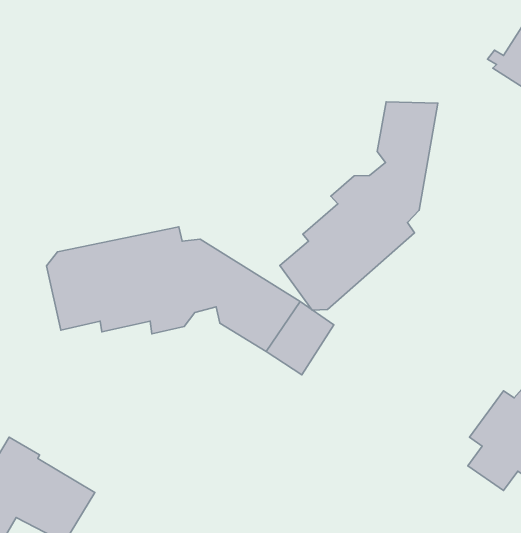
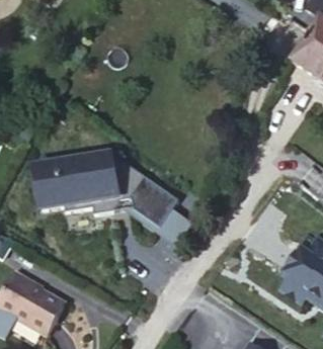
building: [280,102,438,310] -> none

